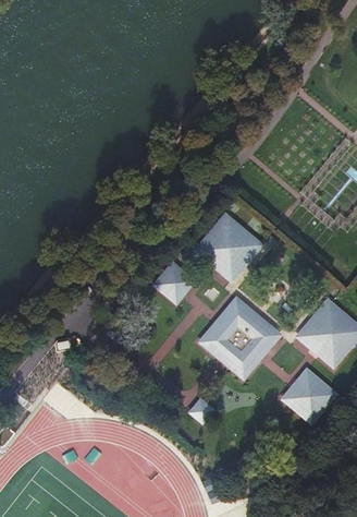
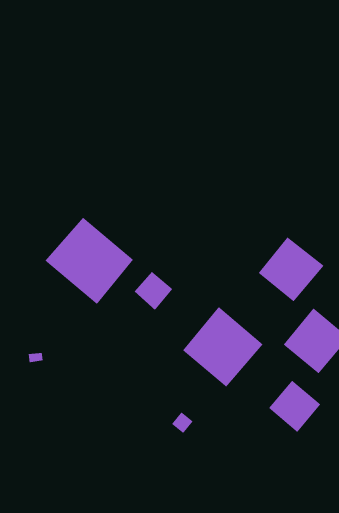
building: none -> [45,217,134,305]
building: [196,215,260,278] -> [258,237,324,302]

